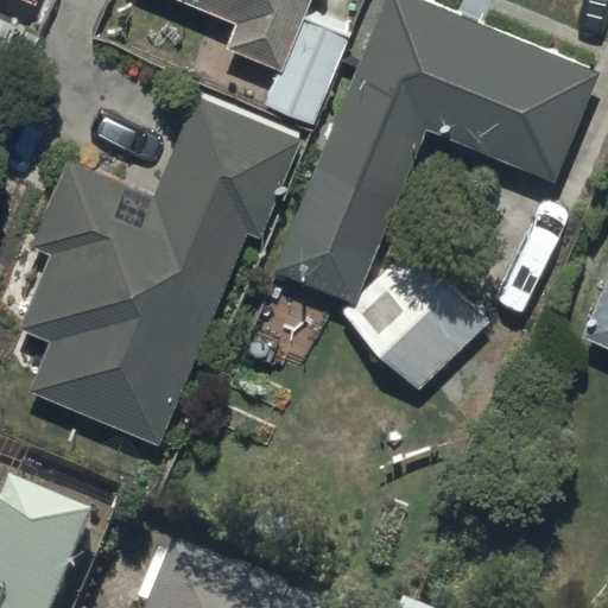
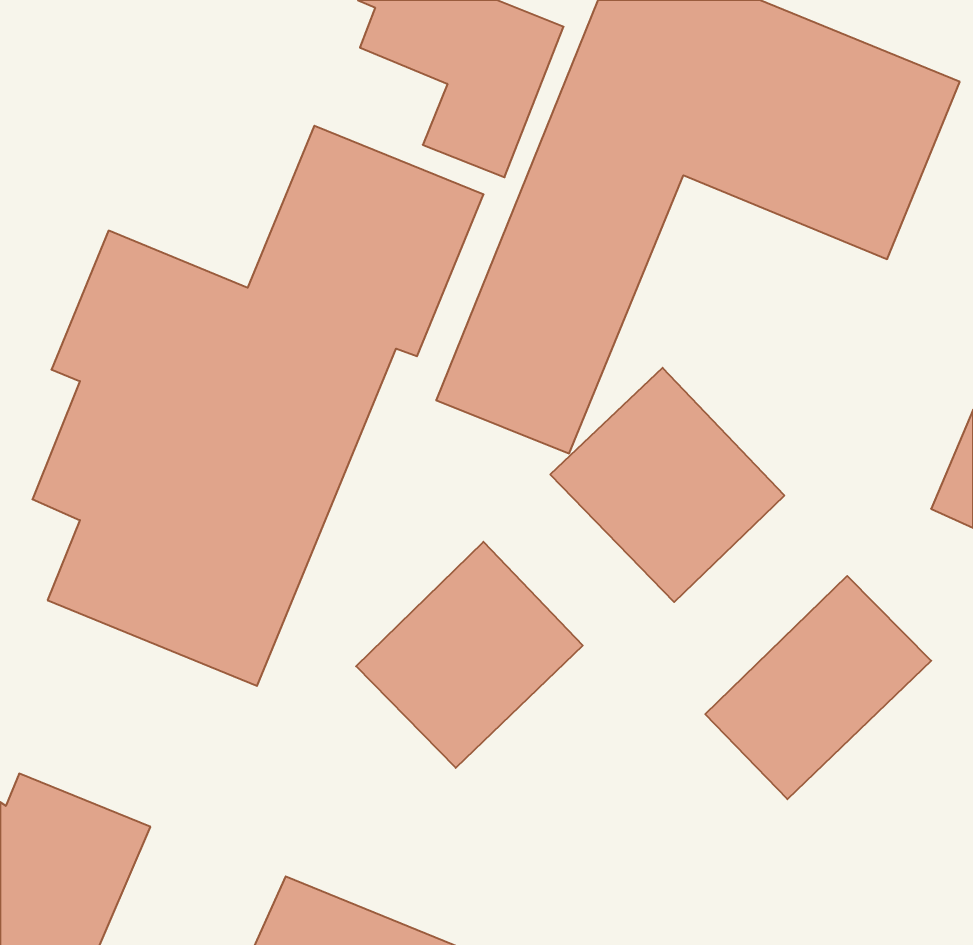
building: none -> [356,542,583,768]
building: none -> [705,576,931,799]

